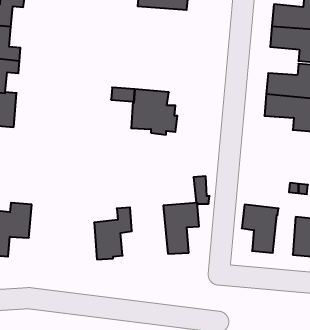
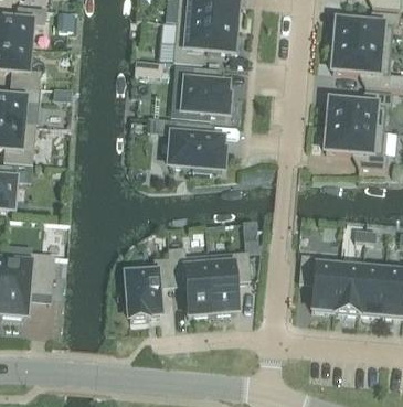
building: none -> [174,21,238,62]
building: none -> [183,65,229,113]
building: none -> [169,246,213,312]
building: none -> [336,265,362,311]

